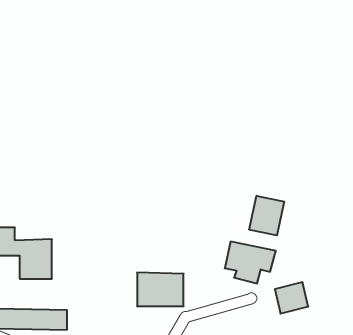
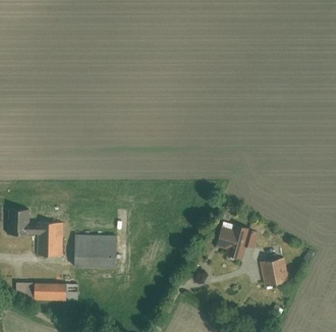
building: [249,196,284,235] -> none
building: [137,273,184,306] -> [73,236,114,266]

